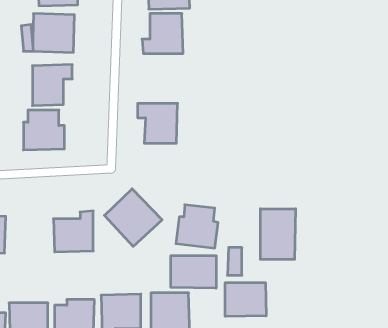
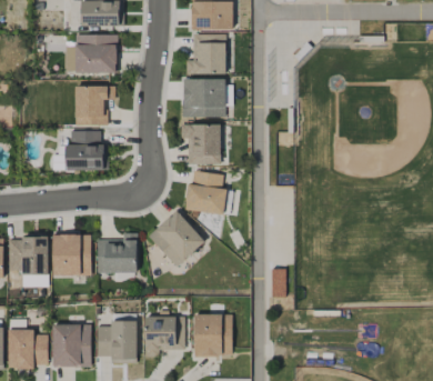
building: none -> [182,79,225,118]
building: [176,205,218,248] -> [184,171,226,214]
building: [260,209,296,259] -> none
building: none -> [52,234,91,275]
building: [171,256,216,288] -> none
building: [225,283,266,316] -> none

